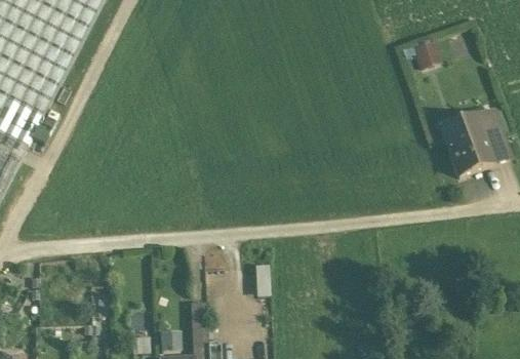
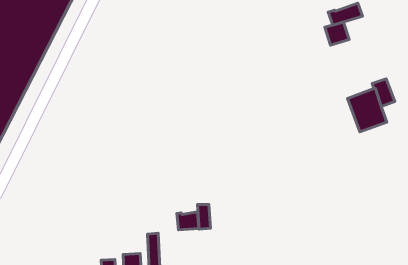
building: none -> [328,3,362,25]
building: none -> [177,212,199,230]

